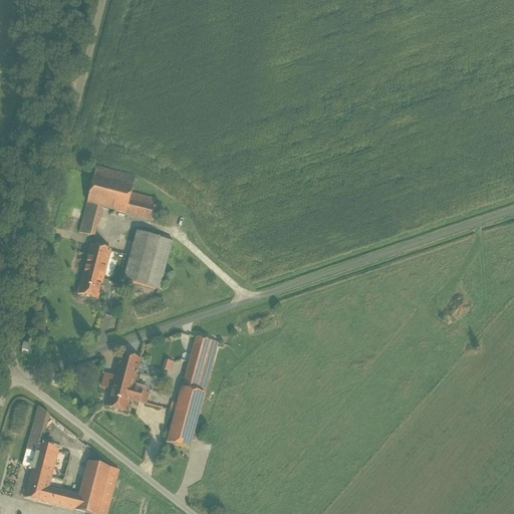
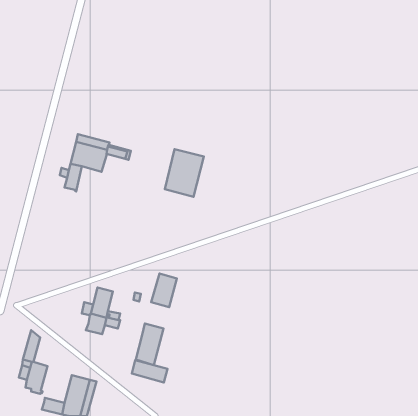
building: [124,191,154,217] -> none
building: [123,229,172,287] -> [165,149,204,197]
building: [77,242,109,296] -> none
building: [178,370,208,403] -> none
building: none -> [132,360,168,383]
building: [25,475,54,502] -> none

